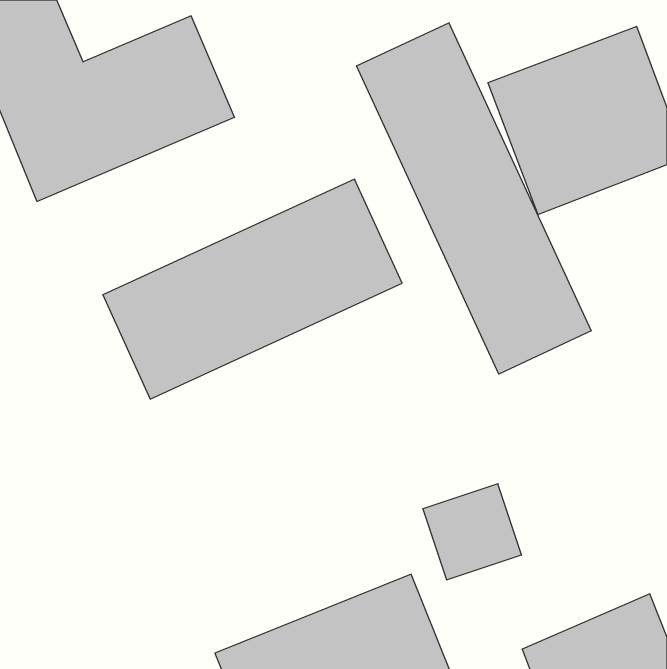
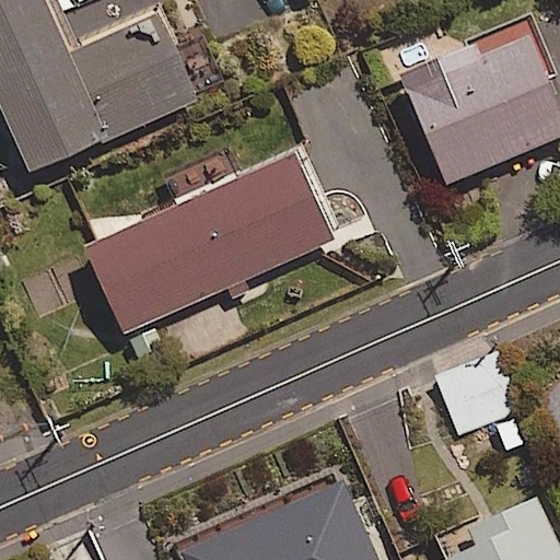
building: [357,23,591,374] -> none
building: [423,484,522,580] -> [433,355,515,435]

